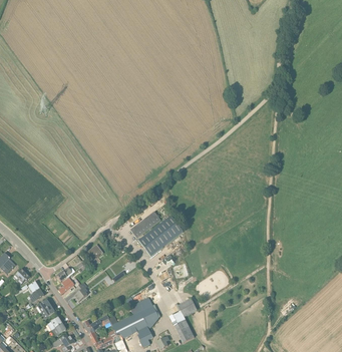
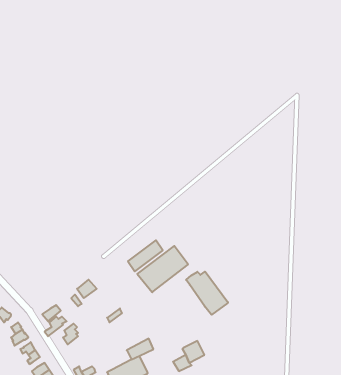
building: none -> [186,272,228,315]

